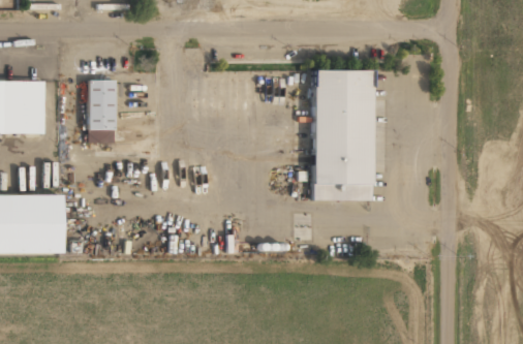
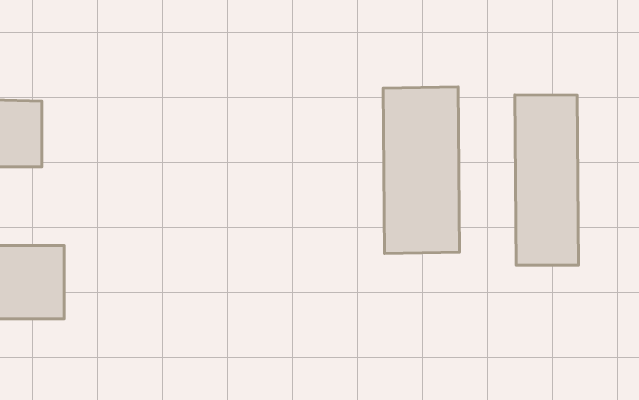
building: none -> [515,95,578,265]
building: [88,81,116,144] -> none

